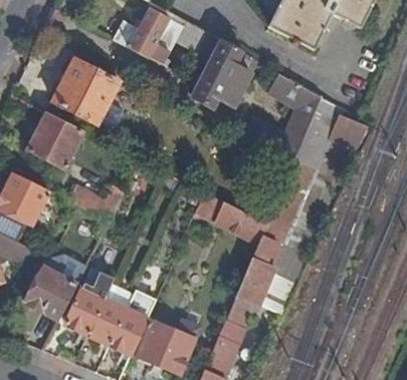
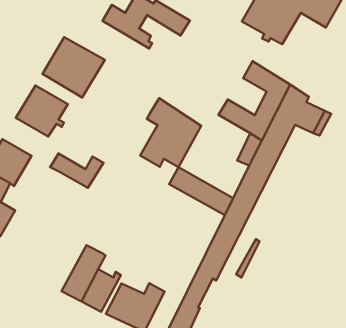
building: [192,33,256,107] -> [140,98,201,167]
building: [25,267,77,318] -> none
building: [65,267,115,334] -> none

